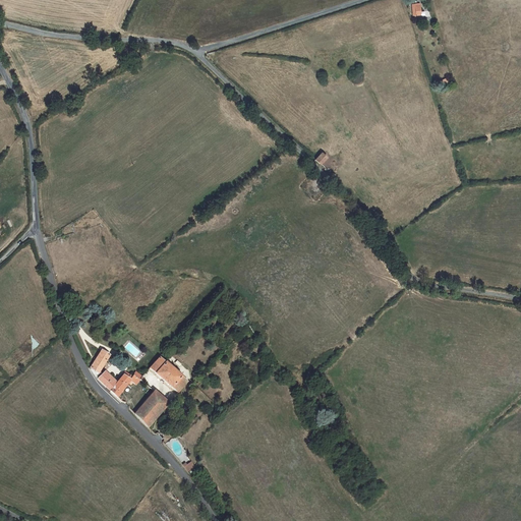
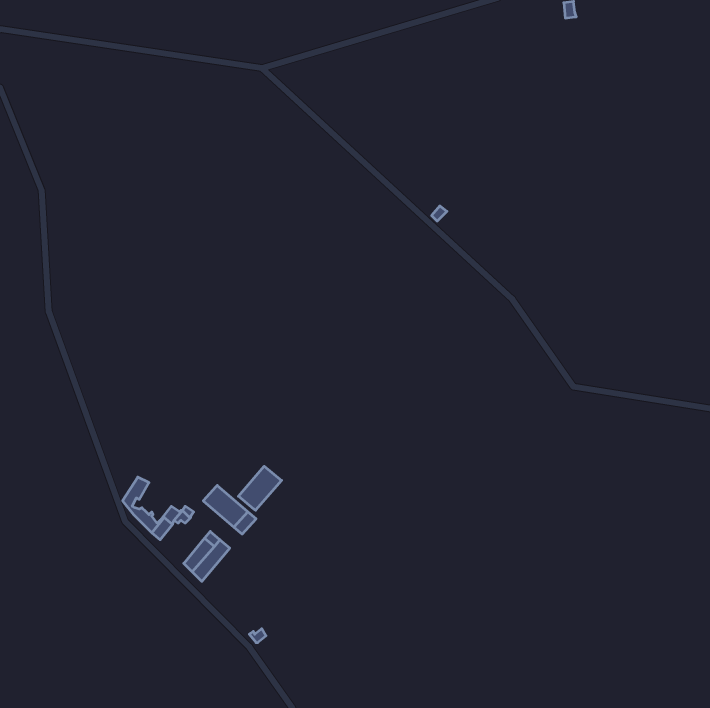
building: none -> [238,466,282,510]

